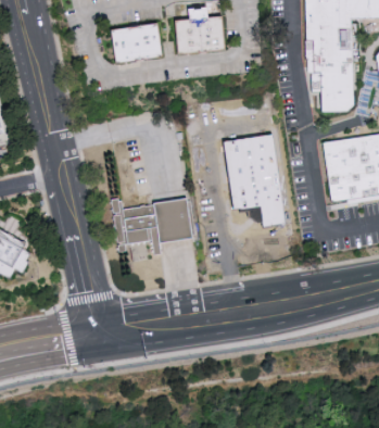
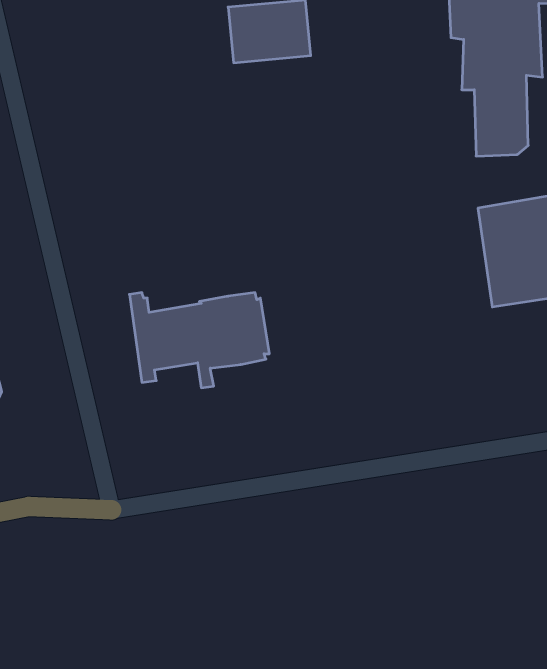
building: [108,24,157,64] -> none
building: [220,137,282,231] -> none

